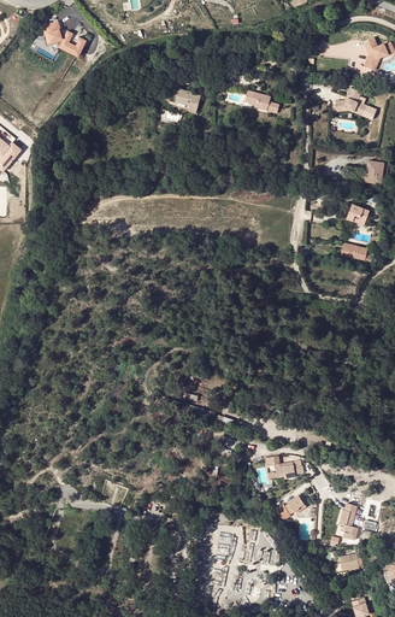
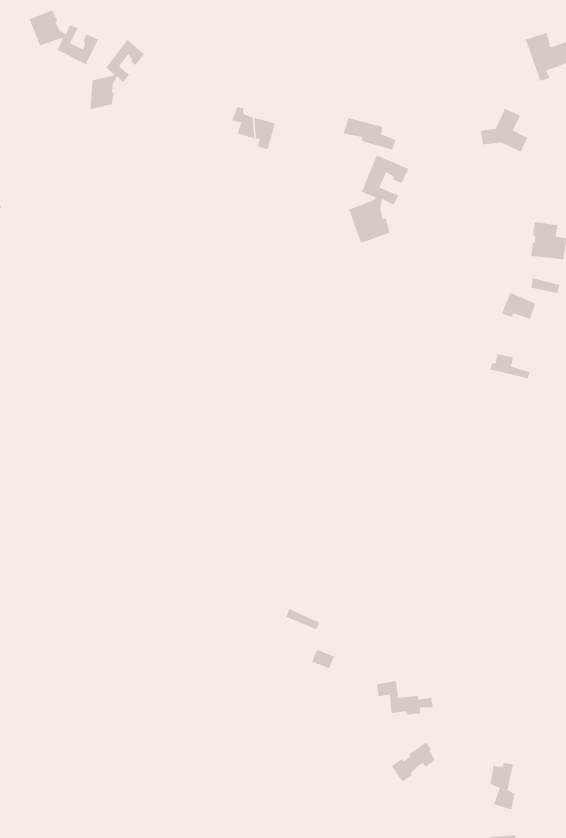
building: none -> [89,39,145,110]
building: none -> [348,155,410,244]

